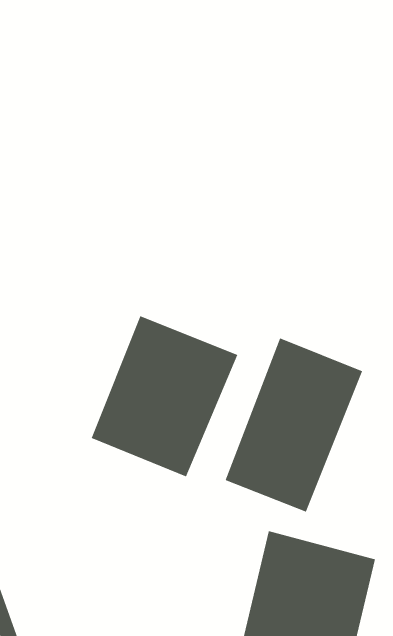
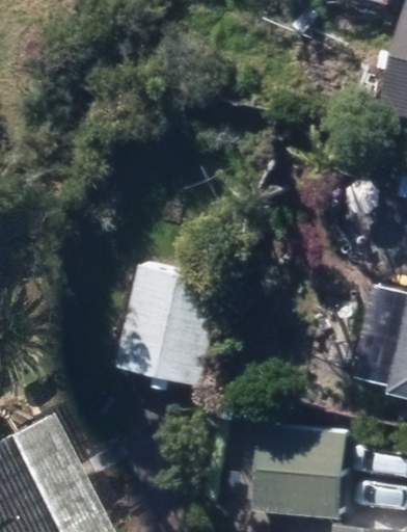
building: [225,337,363,512] -> none

